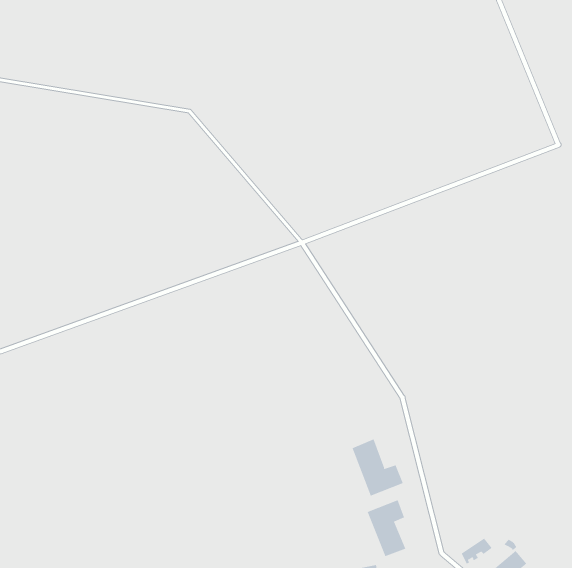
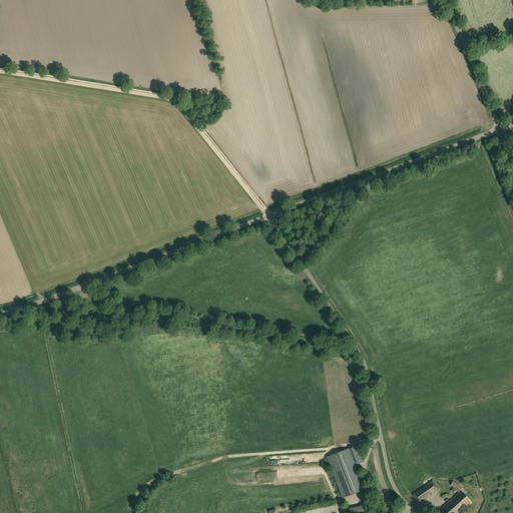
building: [352,439,404,497] -> none

